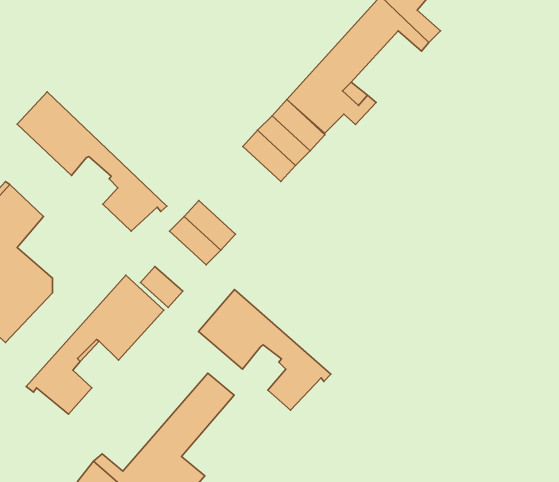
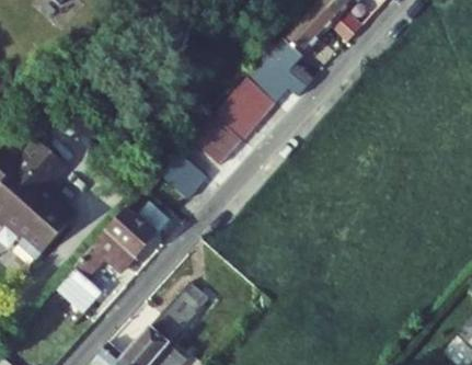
building: [17,92,167,231] -> none
building: none -> [192,112,242,163]
building: [199,290,331,410] -> none

